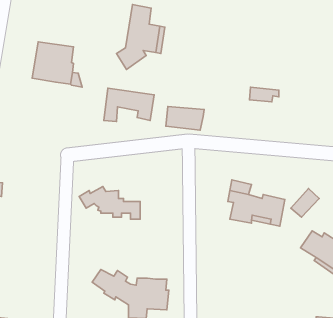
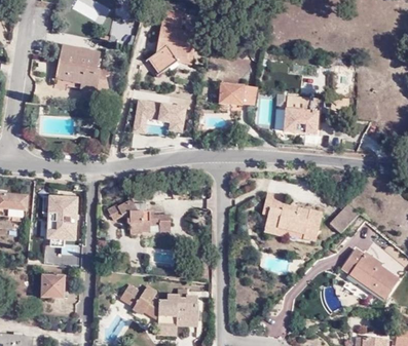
building: none -> [284,105,316,133]
building: [166,107,204,130] -> [215,80,255,105]
building: none -> [46,193,77,237]
building: none -> [41,275,64,299]

